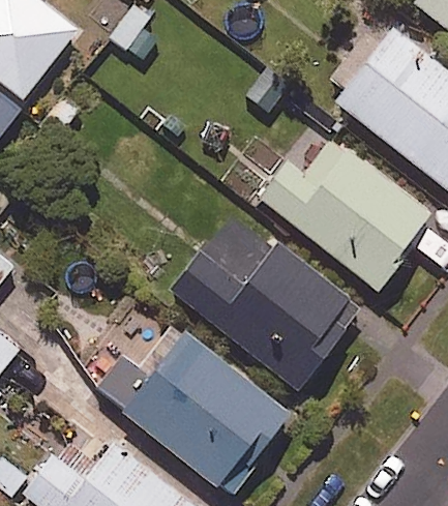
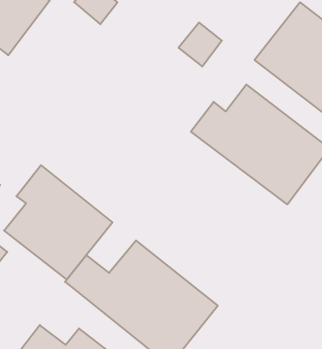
building: none -> [4,165,112,280]
building: [168,243,362,391] -> none

